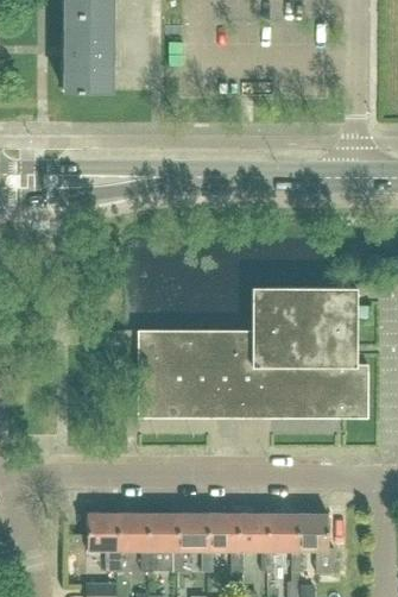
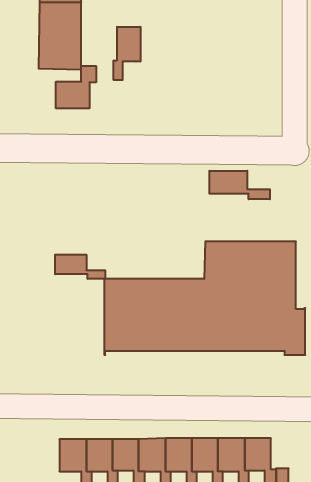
building: none -> [114,27,140,80]
building: none -> [56,66,96,108]
building: none -> [209,171,270,199]
building: none -> [55,255,105,279]

